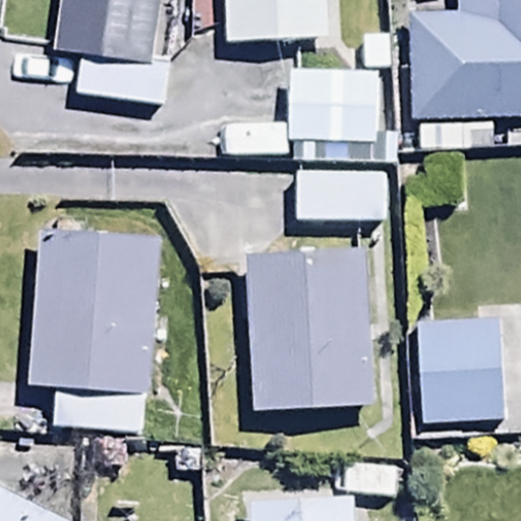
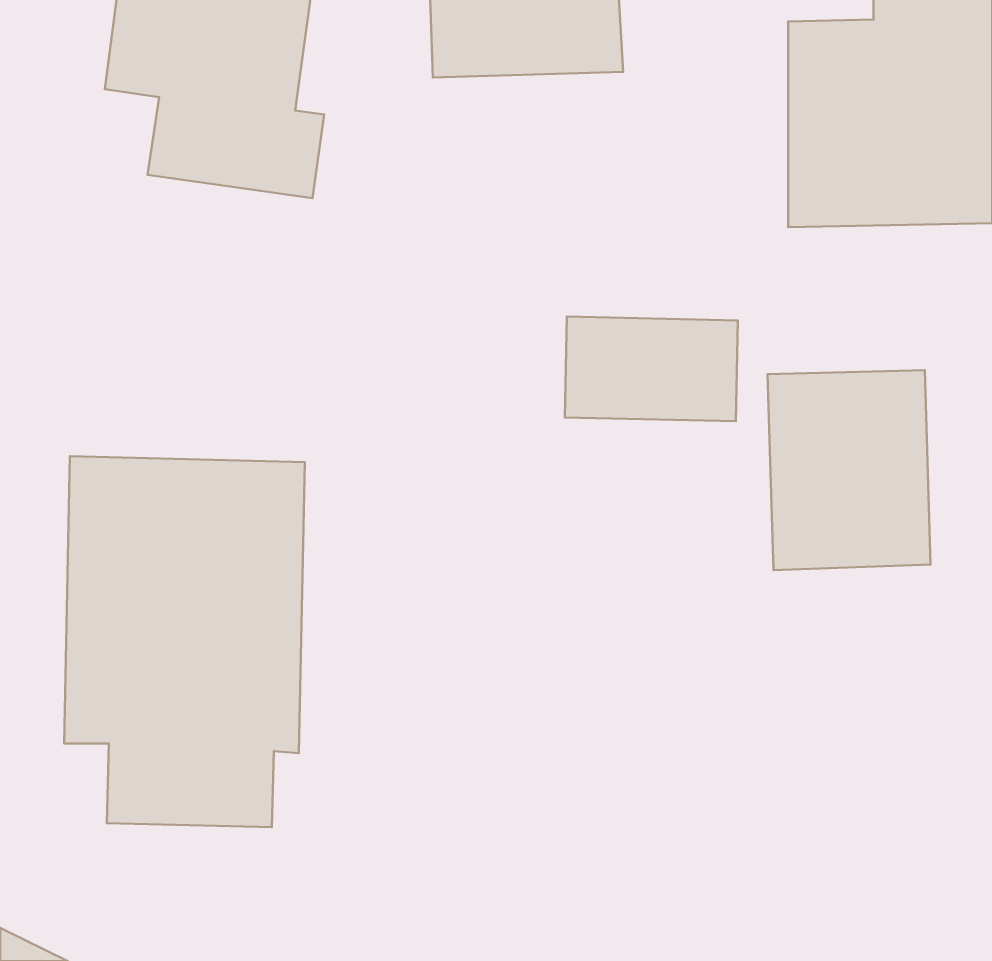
building: [289,68,381,142] -> none
building: [245,251,375,411] -> none
building: [418,314,504,419] -> [768,370,931,570]

